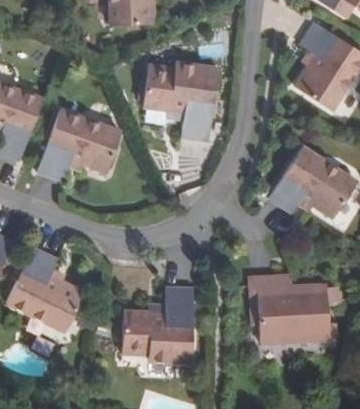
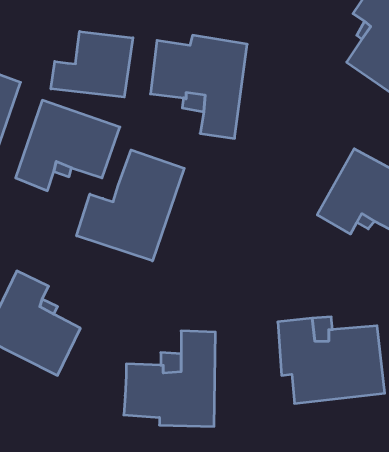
building: none -> [51,31,133,97]
building: none -> [77,150,184,261]

